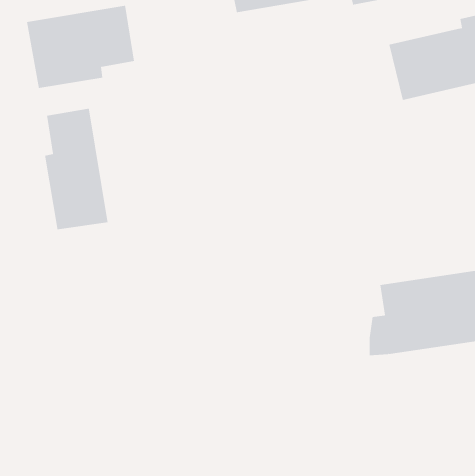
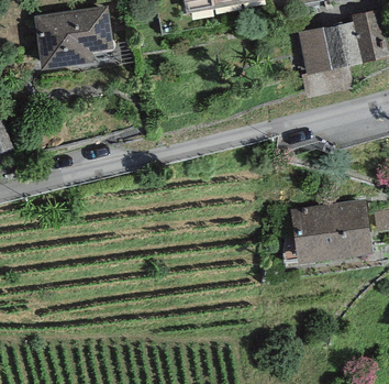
building: [44,108,108,230] -> none

